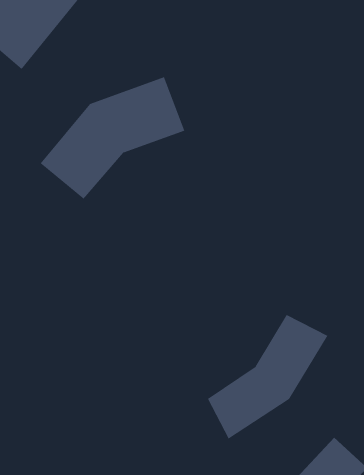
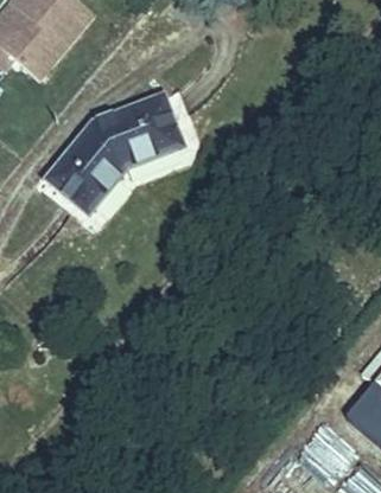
building: [207,314,328,440] -> none

